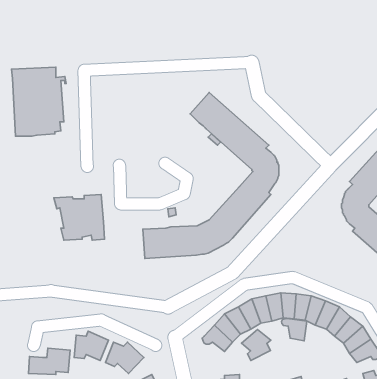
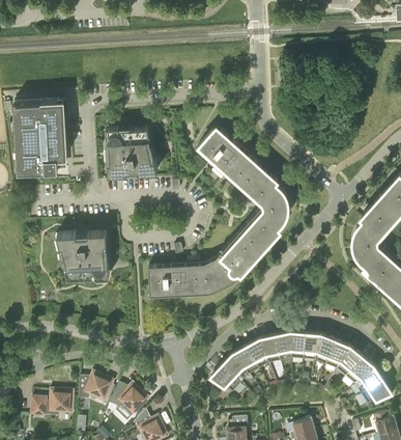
building: none -> [106,128,157,174]
building: [282,318,307,341] -> none
building: [241,329,271,361] -> none

